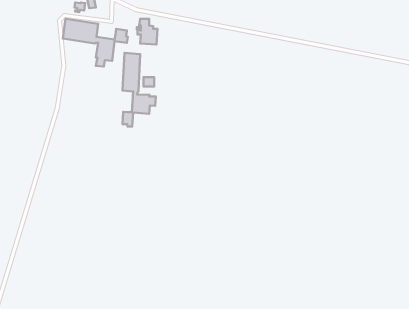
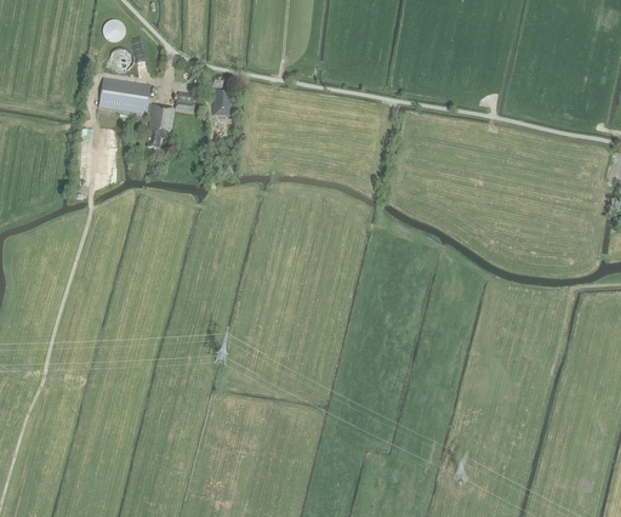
building: [122,53,156,127] -> none

